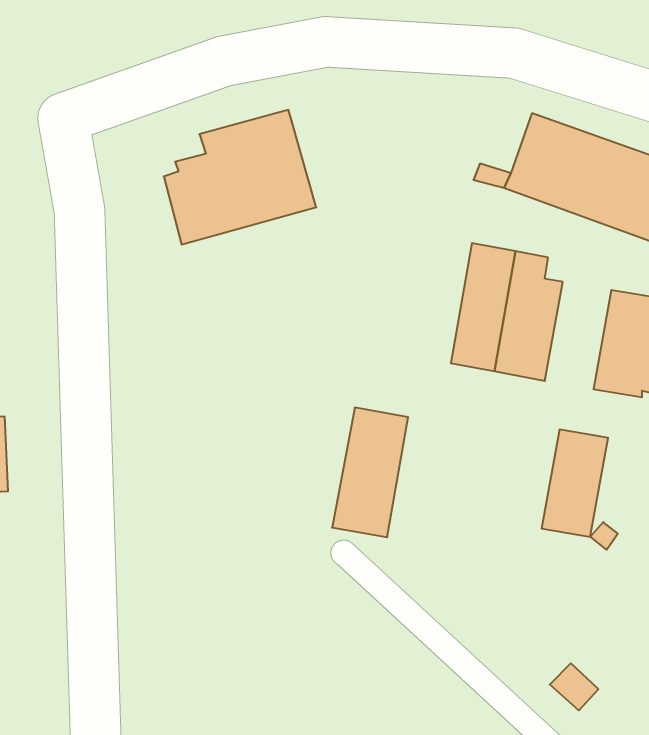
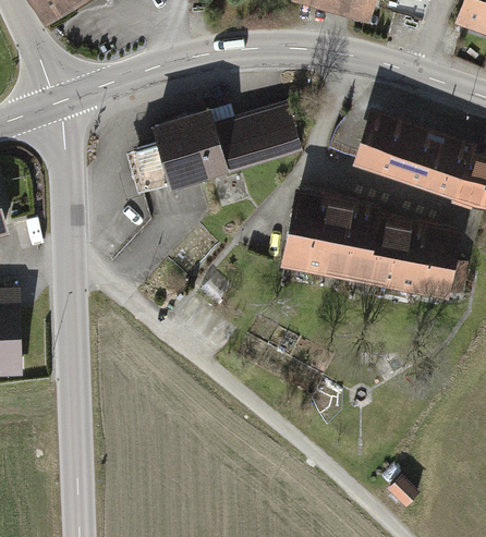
building: none -> [212,107,300,170]
building: [332,408,408,537] -> [282,187,333,274]
building: [542,430,608,537] -> [382,220,427,292]

